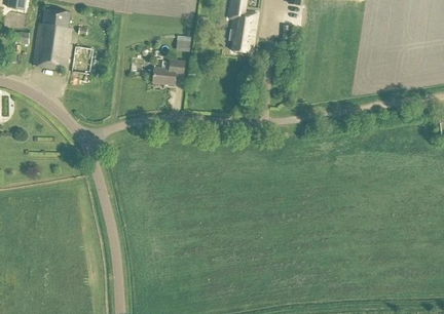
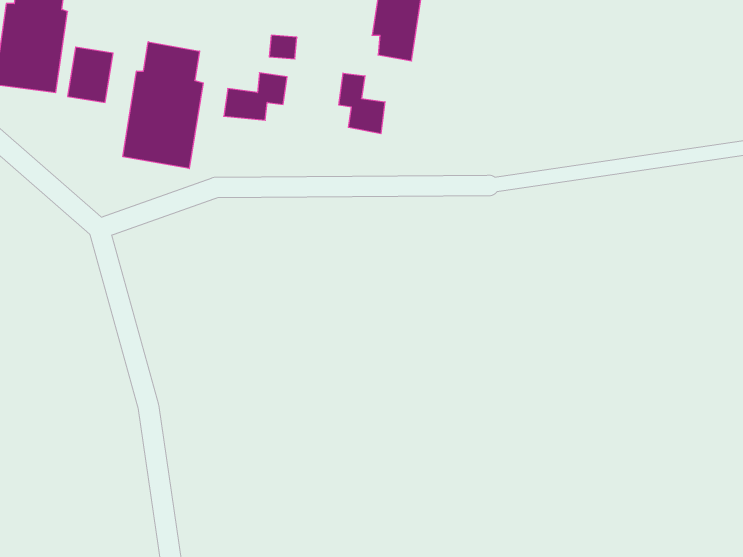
building: none -> [123,42,203,169]
building: none -> [339,73,385,134]

